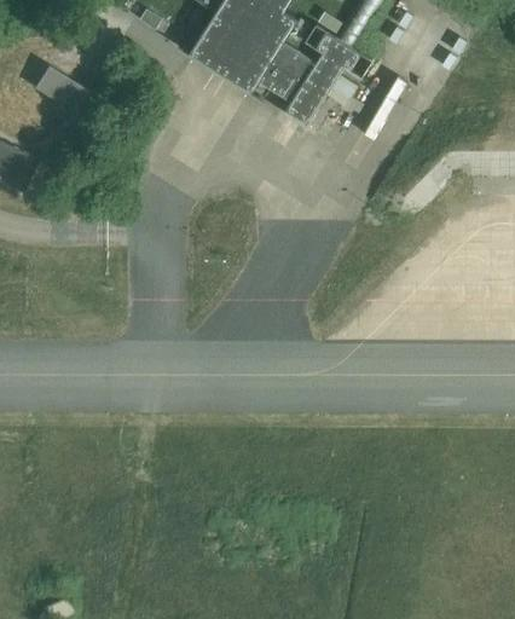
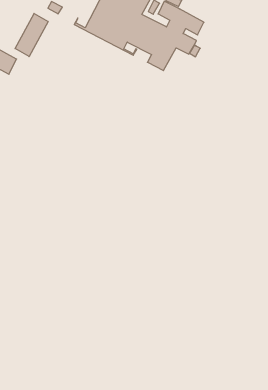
building: none -> [15,13,48,57]

